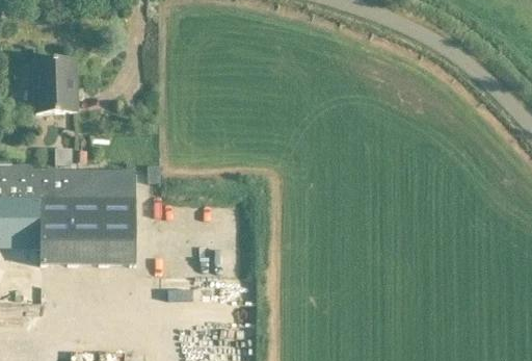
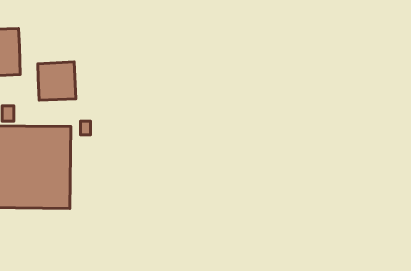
building: none -> [38,62,76,100]

